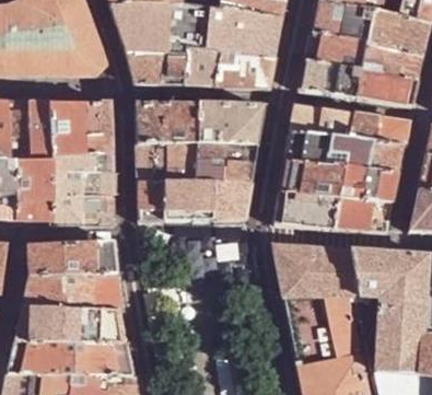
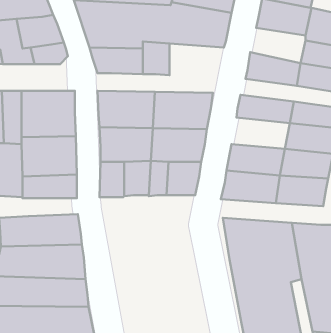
building: [306,32,367,71] -> none
building: [217,49,277,88] -> none
building: [285,131,350,166] -> none

